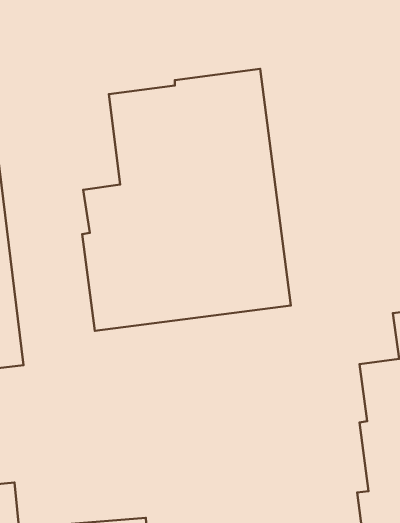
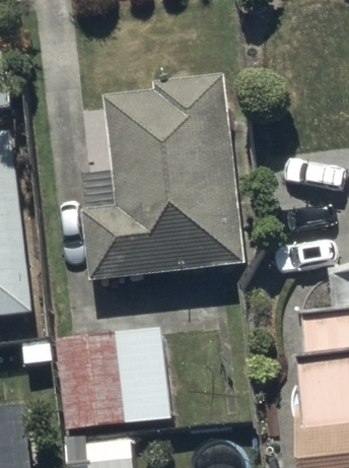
building: none -> [53,329,169,432]

